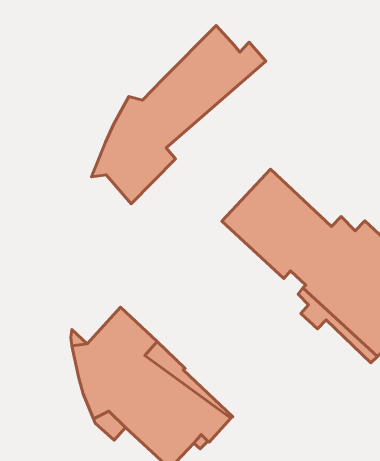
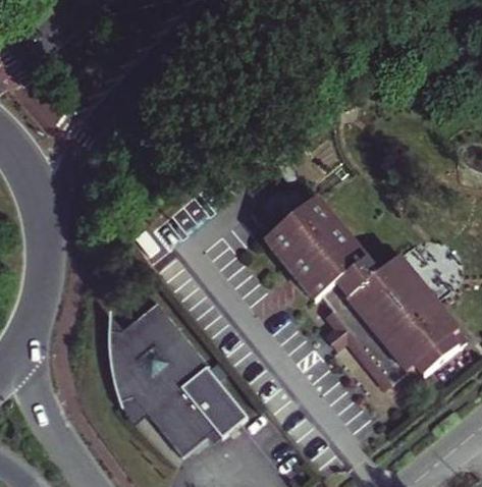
building: [92,25,266,204] -> none

